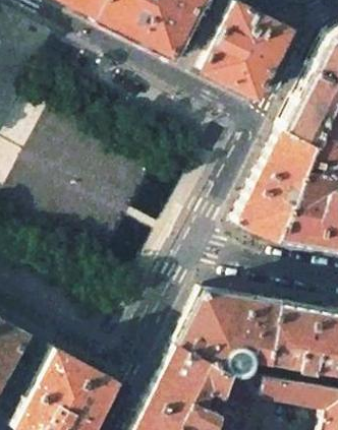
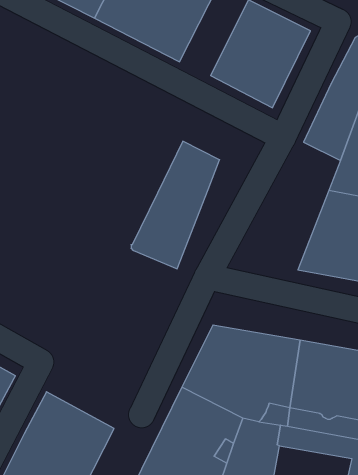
building: [238,129,317,242] -> [131,141,220,269]

